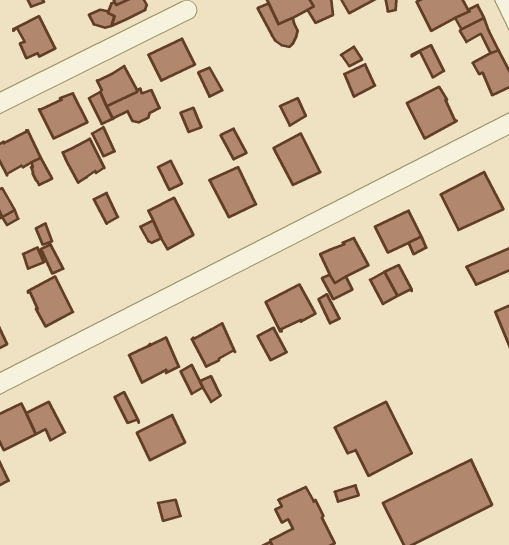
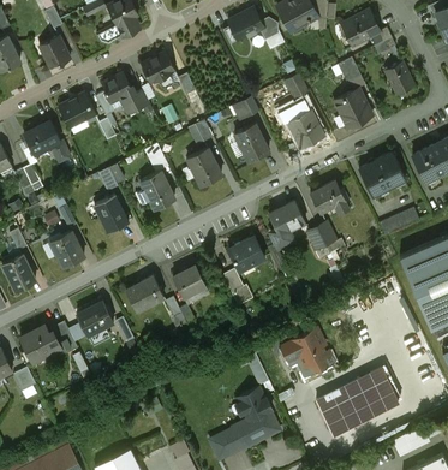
building: none -> [288,111,323,148]
building: [63,139,104,183] -> none
building: none -> [95,195,129,233]
building: [137,415,185,460] -> [77,302,113,335]

